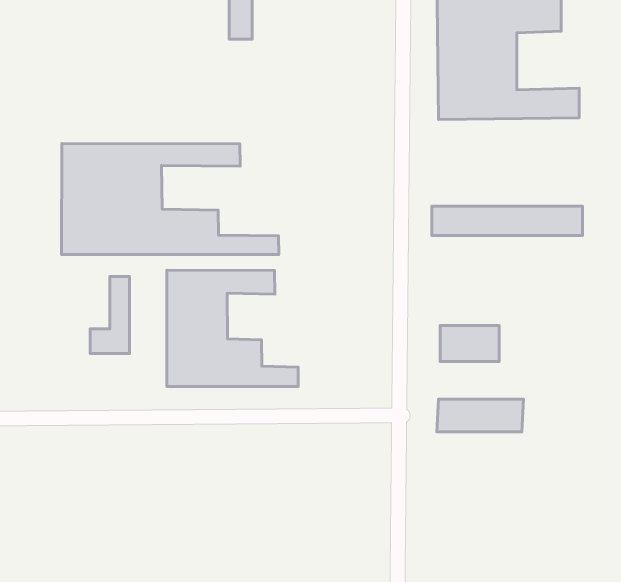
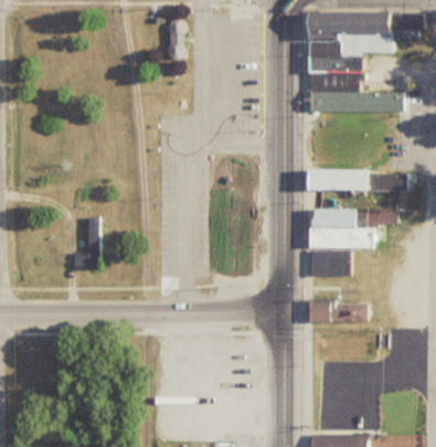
building: [62,144,279,255] -> none
building: none -> [309,210,395,248]
building: [167,270,298,387] -> none

